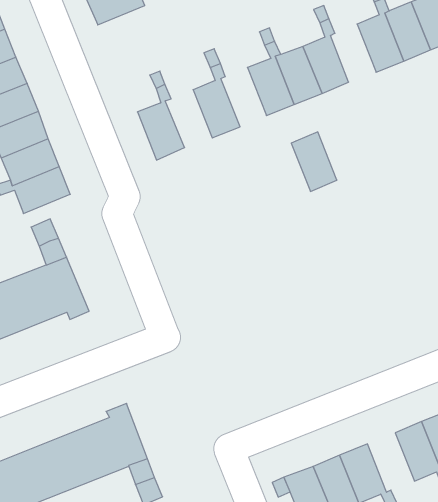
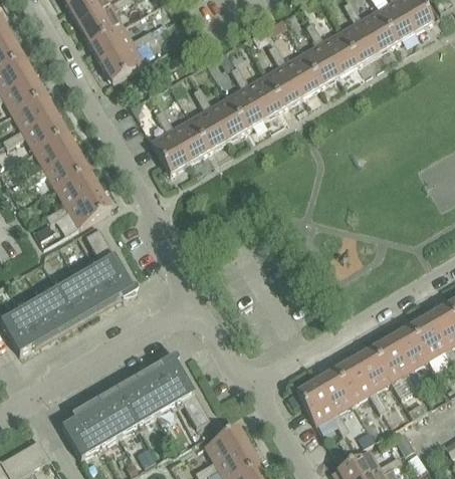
building: none -> [283,53,320,96]
building: none -> [170,118,208,162]
building: [291,132,337,191] -> [208,96,245,141]
building: none -> [354,347,392,392]

